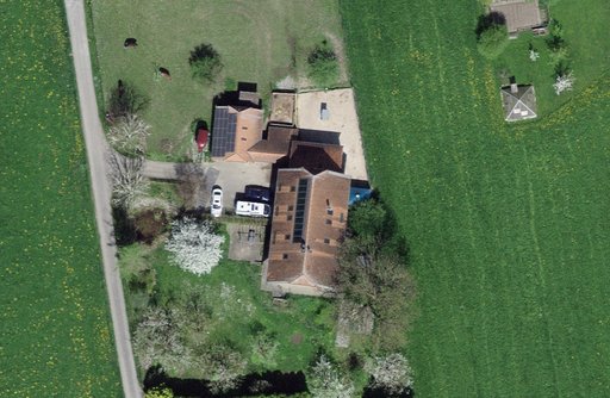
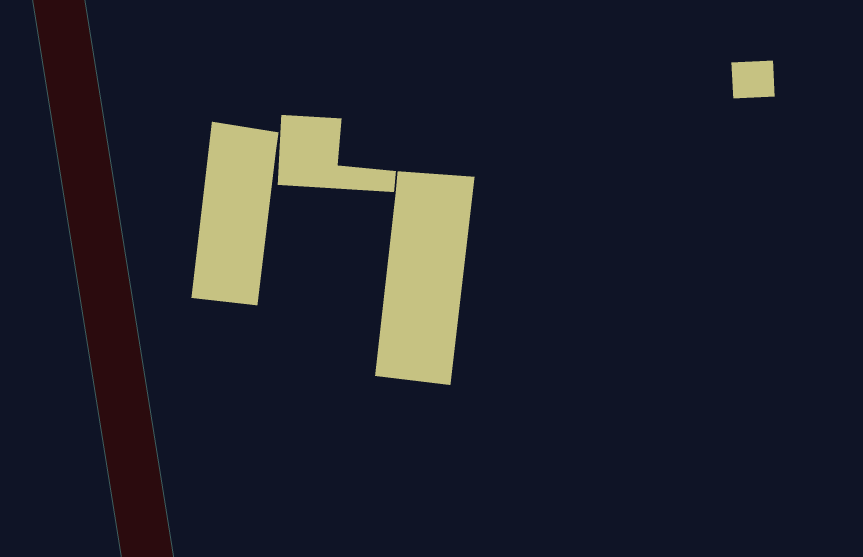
building: none -> [191,121,280,306]

